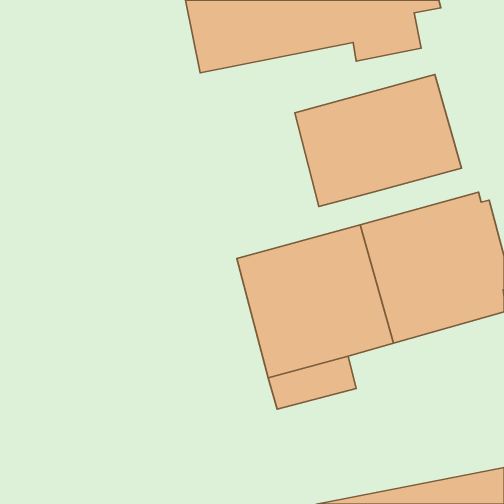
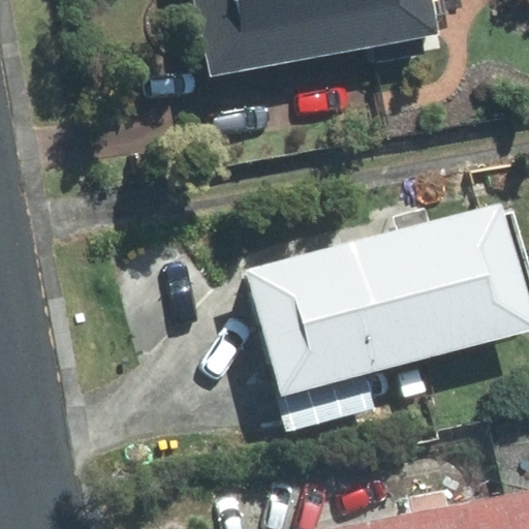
building: [295,75,461,207] -> none

